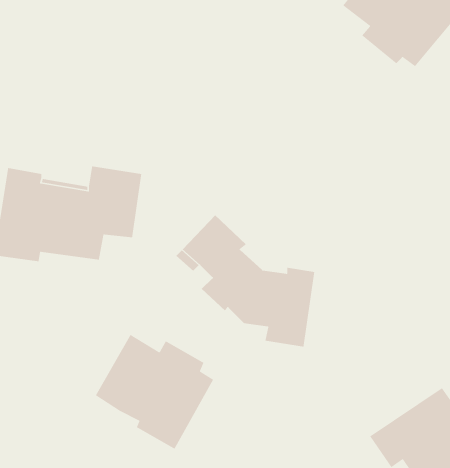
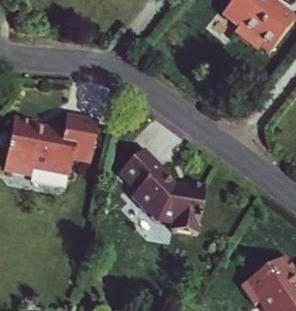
building: [95,334,214,450] -> none

